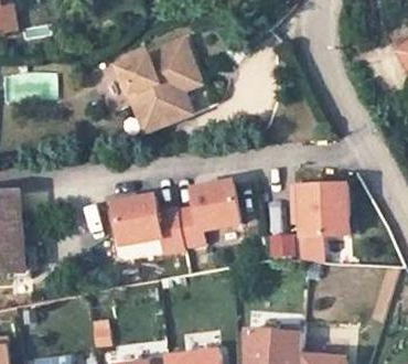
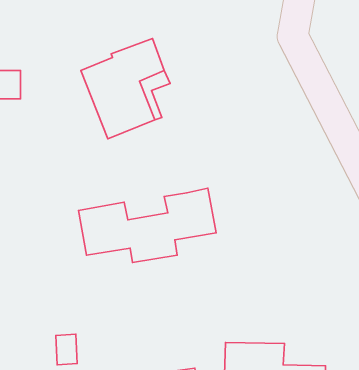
building: [292,181,347,261] -> none

